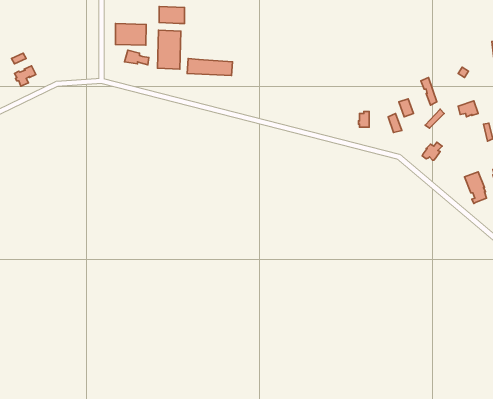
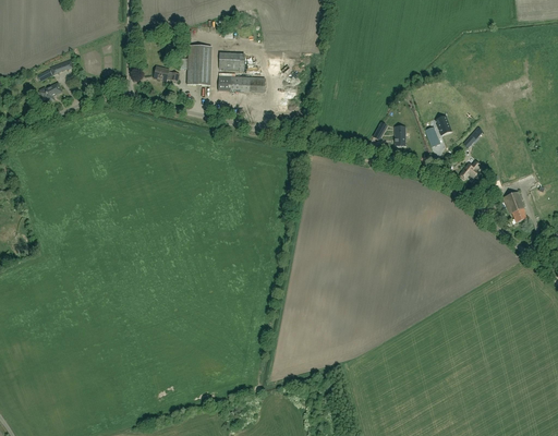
building: [159,6,185,23] -> [219,52,245,70]
building: [115,24,146,45] -> none

